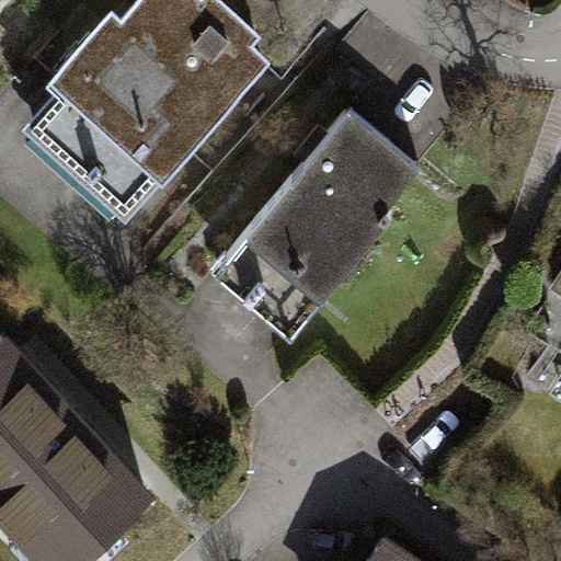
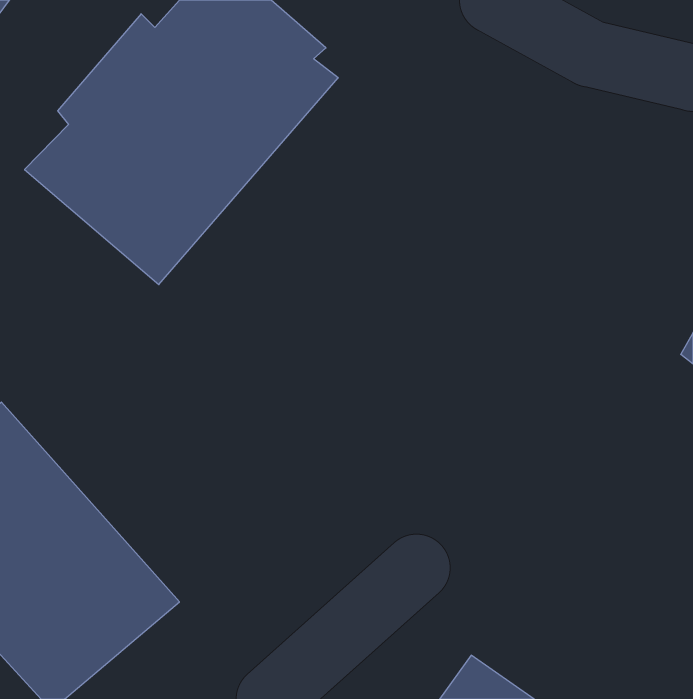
building: [206,113,419,337] -> none

